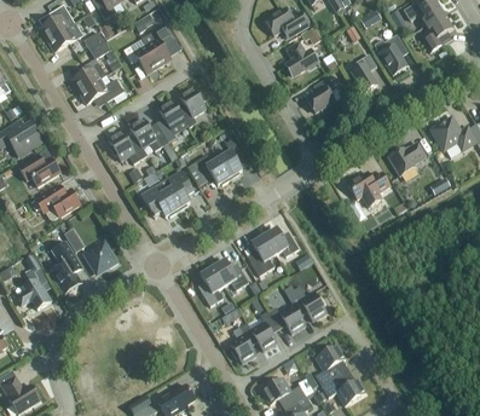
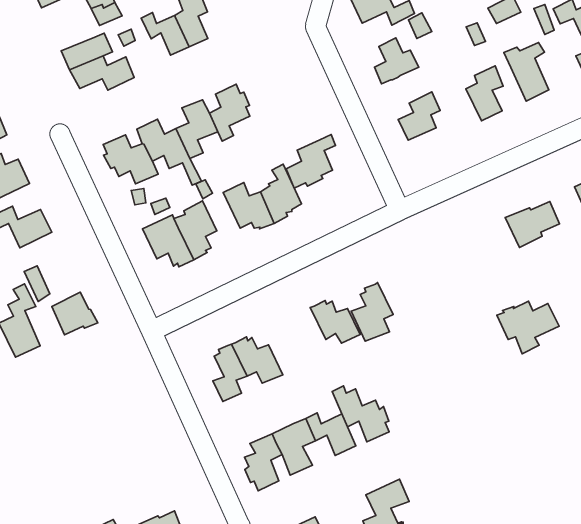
building: none -> [286,134,335,188]
building: [347,171,391,207] -> [497,301,559,354]
building: [247,233,276,275] -> [351,283,393,341]

